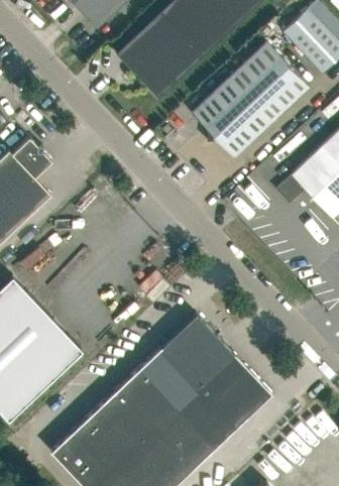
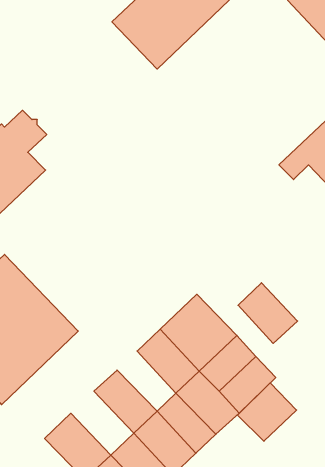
building: [192,43,309,158] -> none
building: none -> [238,283,298,343]
building: [120,369,177,427] -> none
building: none -> [238,383,297,441]
building: [76,407,136,469] -> none

